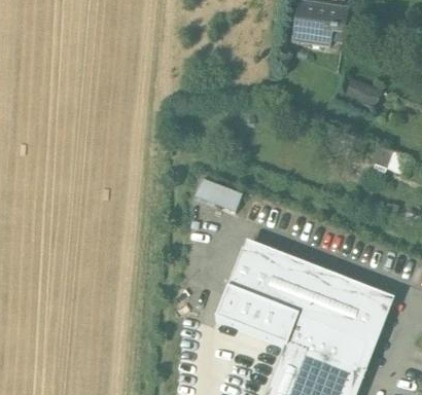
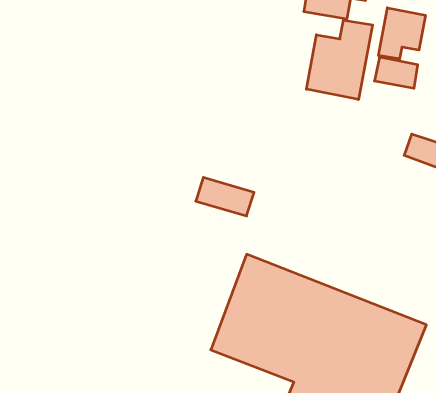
building: none -> [378,8,425,59]
building: none -> [306,20,373,100]

